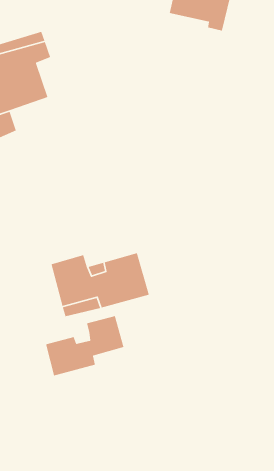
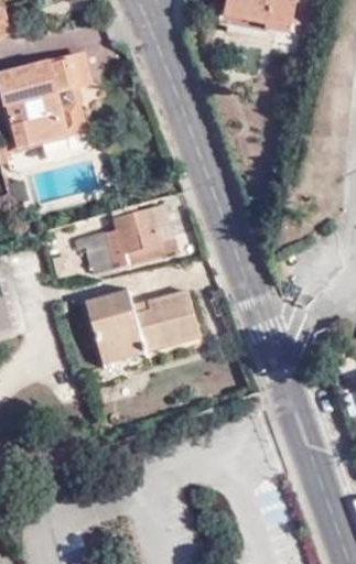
building: none -> [78,202,171,274]
building: [45,315,125,377] -> none

